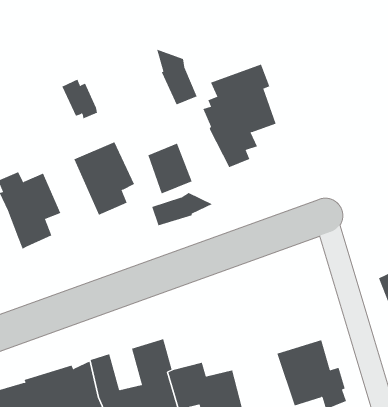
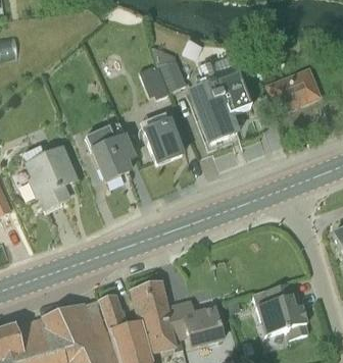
building: none -> [270,68,318,110]
building: [62,79,98,119] -> [138,66,167,99]
building: [151,192,213,226] -> none

